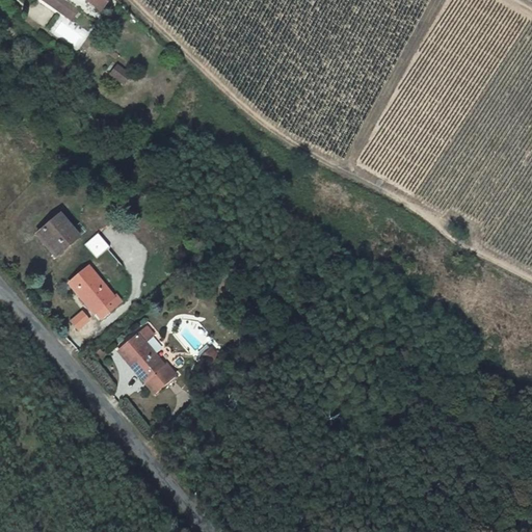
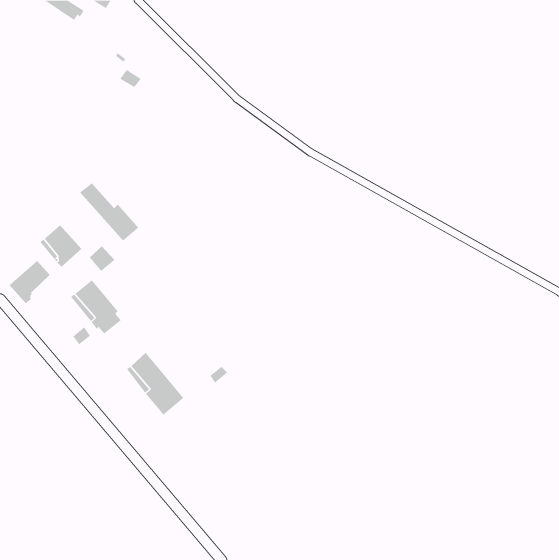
building: none -> [79,182,139,242]
building: none -> [9,260,51,304]

